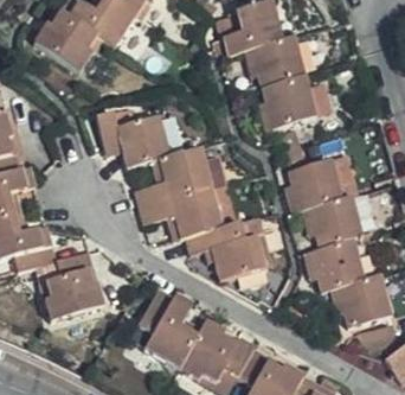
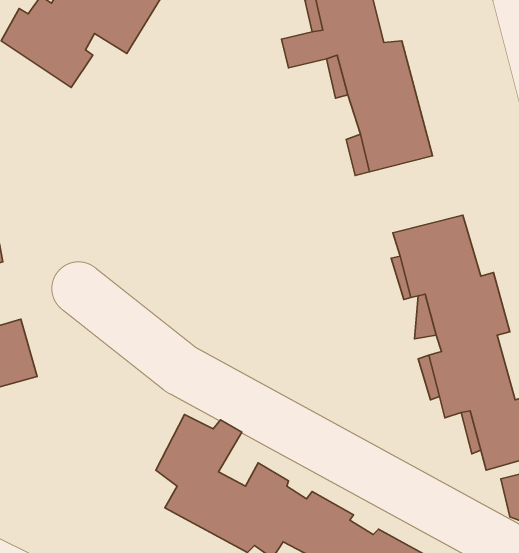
building: [96,114,265,280] -> none
building: [44,253,103,318] -> none

